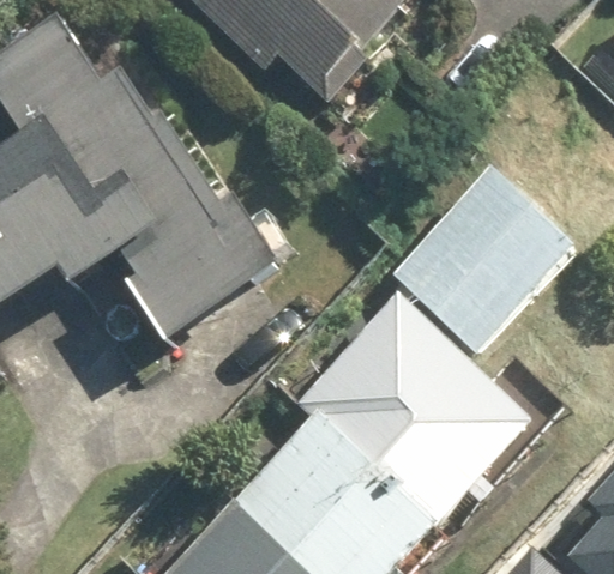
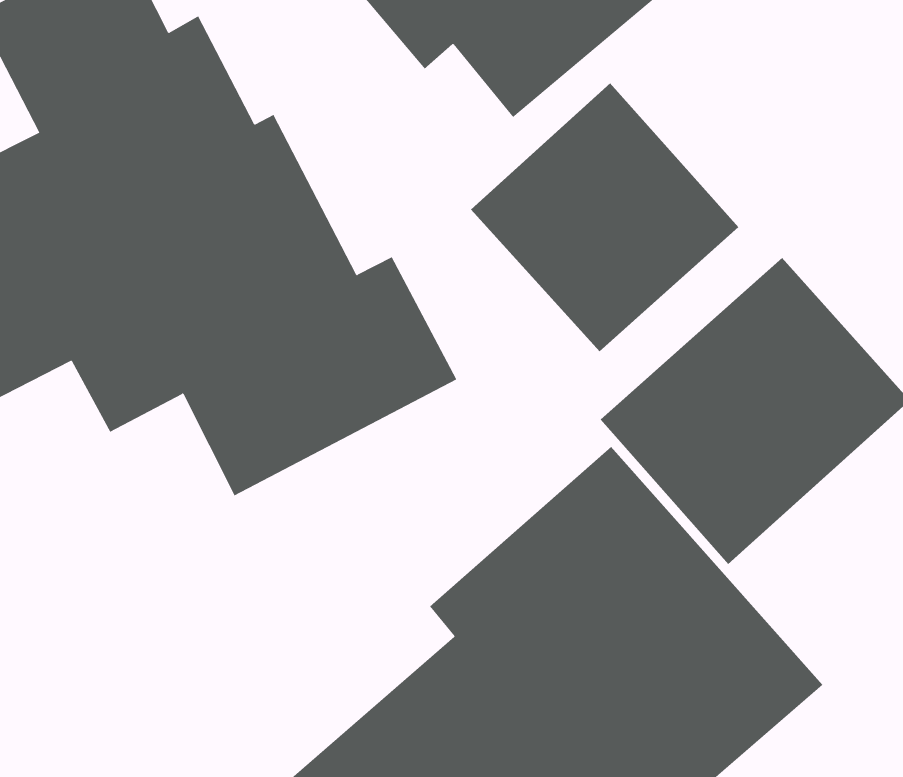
building: none -> [470,83,739,352]

